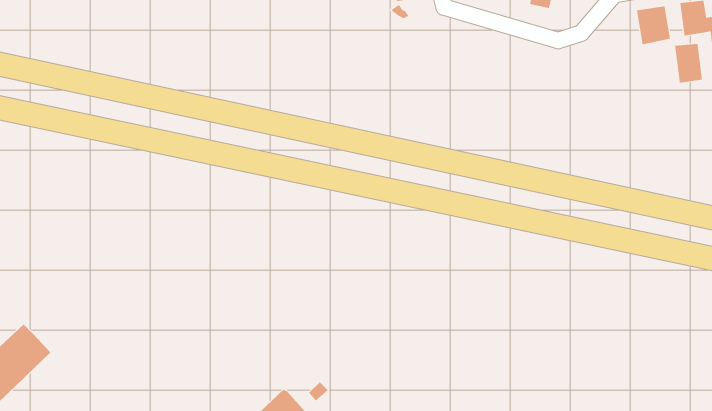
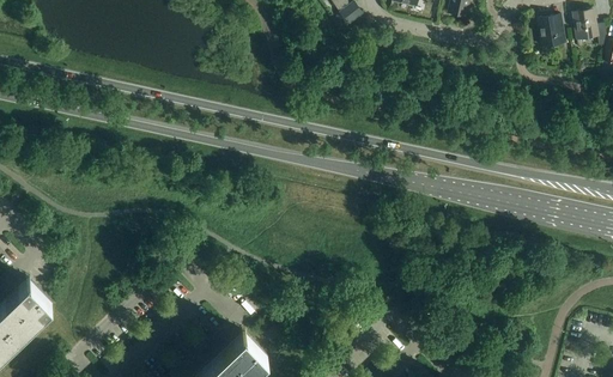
building: [674,43,703,84] -> none

